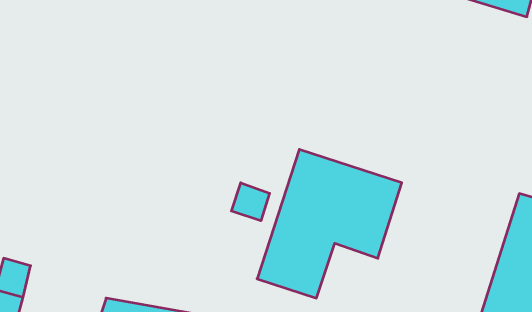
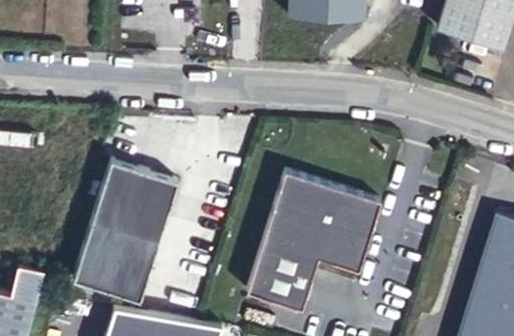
building: none -> [73,156,178,299]
building: [231,183,270,221] -> none

